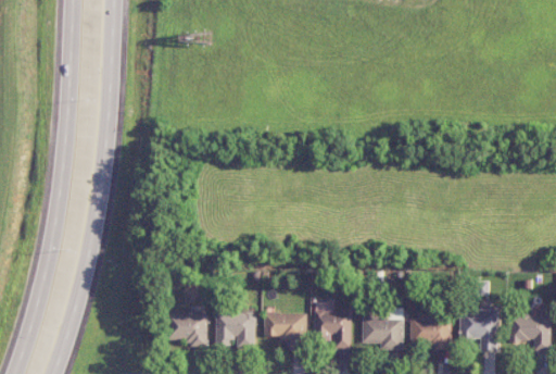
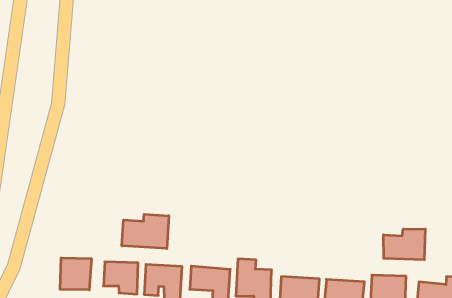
building: none -> [384,229,425,260]
building: none -> [122,214,169,249]
building: none -> [60,258,91,290]

